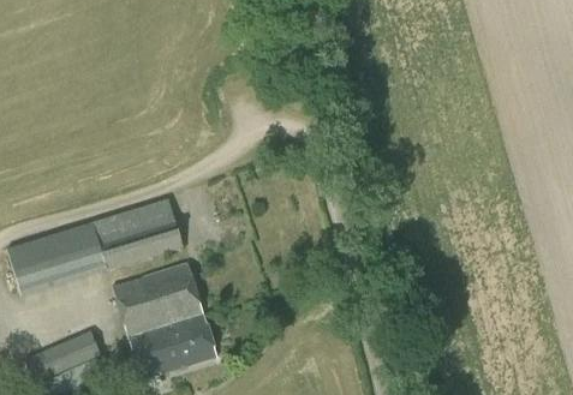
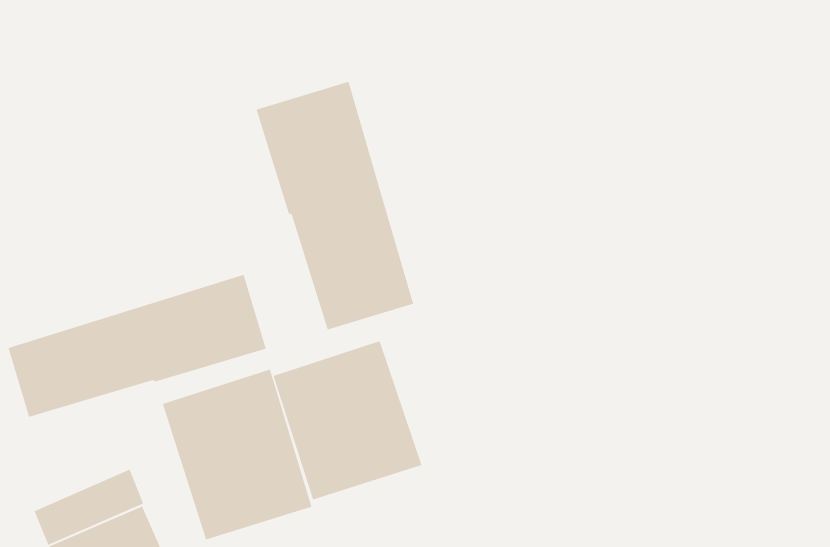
building: none -> [256,81,414,331]
building: none -> [273,340,422,501]

